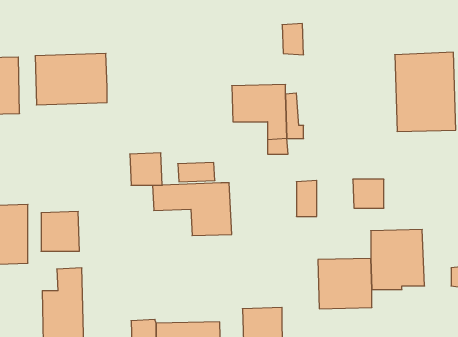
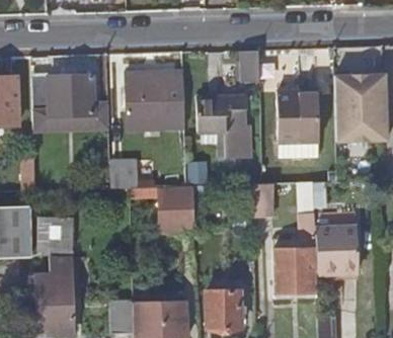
building: none -> [126,71,186,125]
building: none -> [278,91,320,158]
building: none -> [32,103,110,130]

